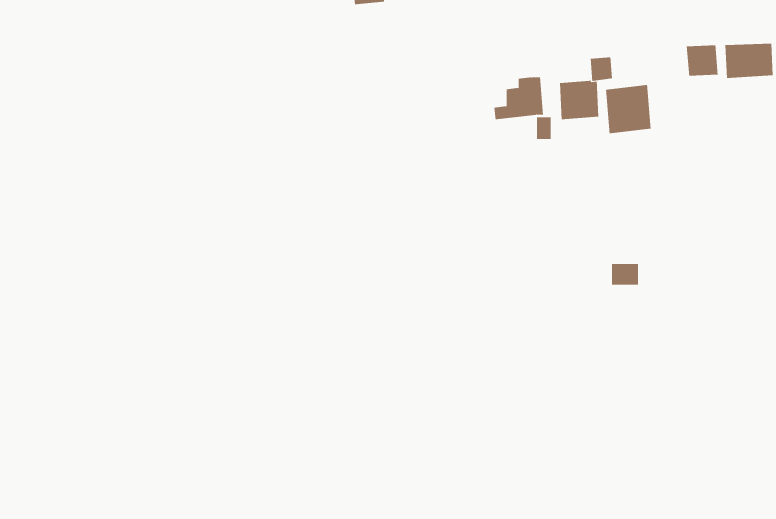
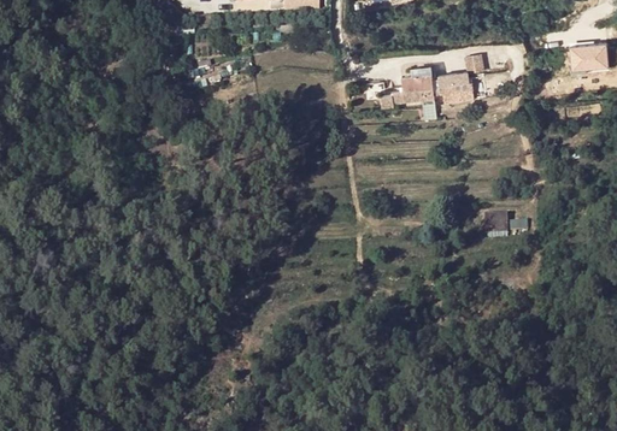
building: [686,44,718,77] -> none
building: [605,84,651,134] -> none

